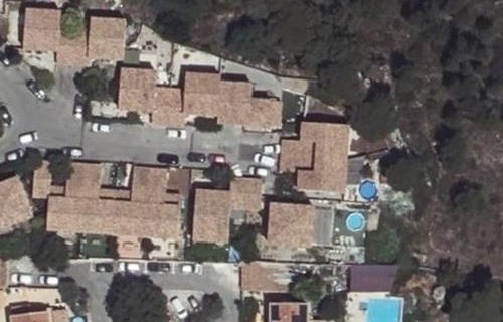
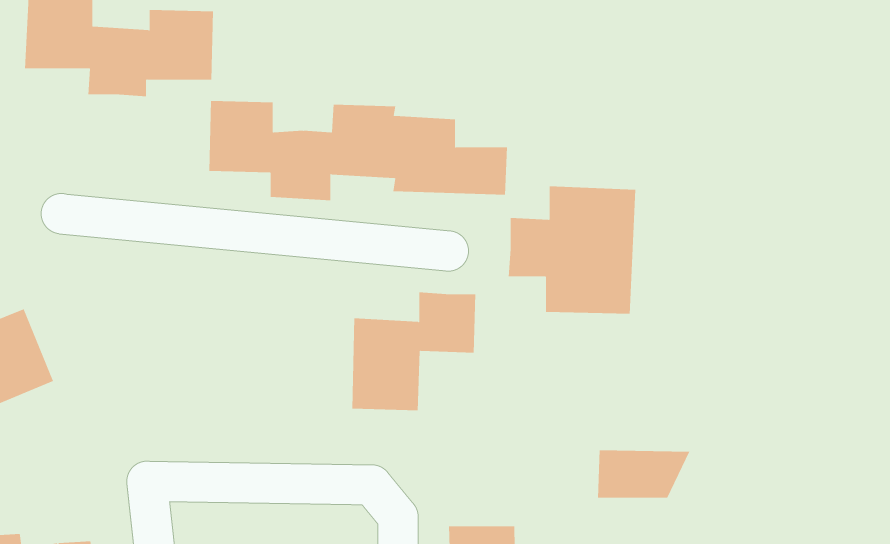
building: [42,165,189,238] -> none
building: [286,201,330,244] -> none

